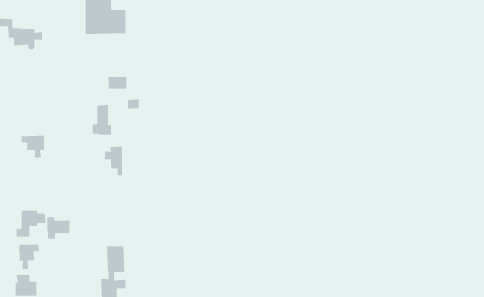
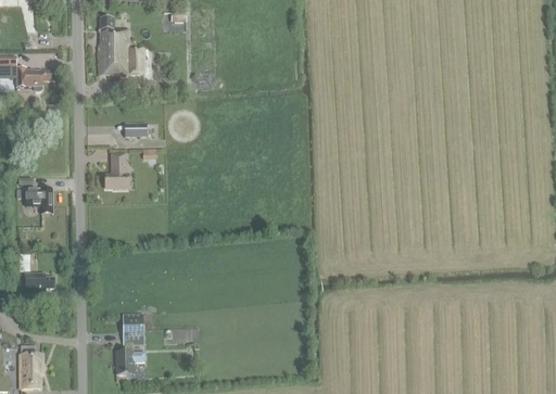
building: [104,146,123,176] -> none
building: [47,216,70,239] -> none
building: [19,244,39,270] -> none

